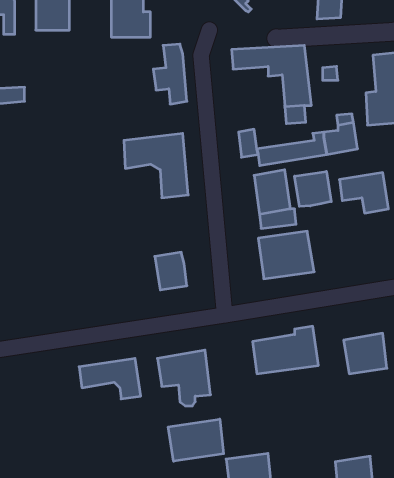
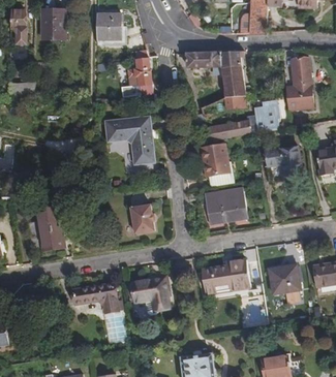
building: [295,171,331,206] -> none
building: none -> [31,208,64,251]
building: [168,419,224,461] -> none

